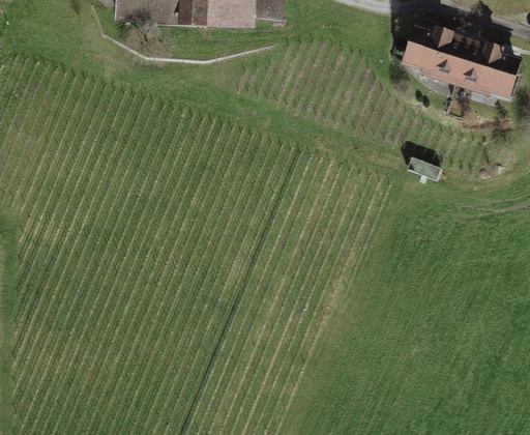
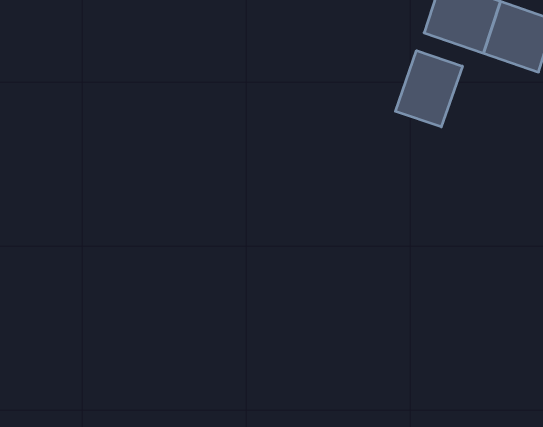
building: none -> [395,51,462,127]

